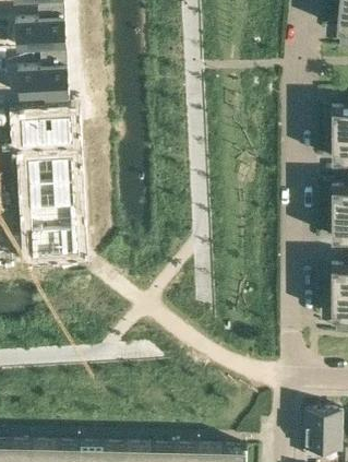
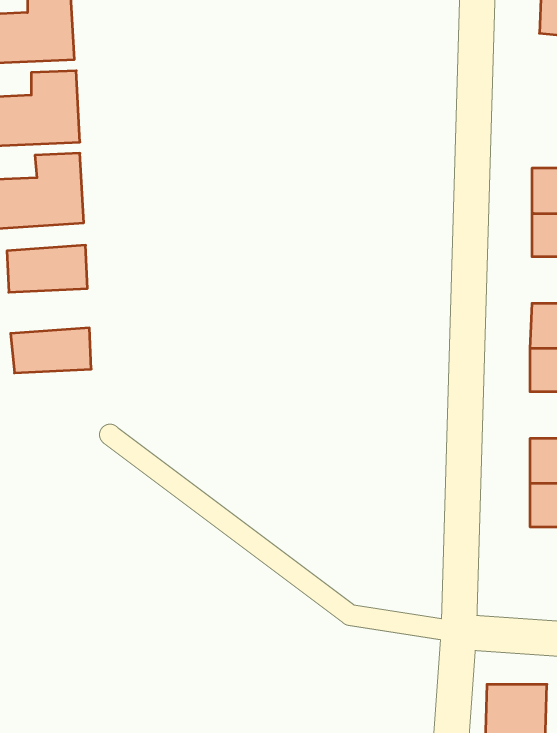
building: [27,179,74,205] -> none
building: [31,226,77,253] -> none

